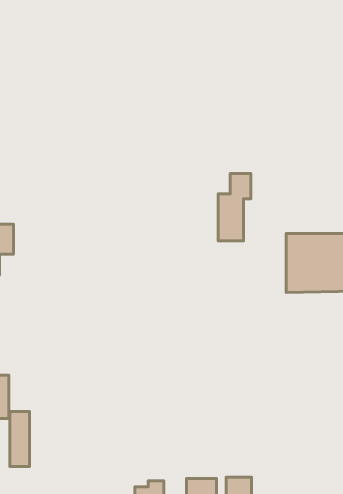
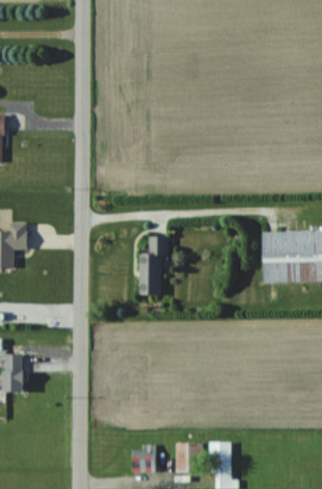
building: [218,174,251,241] -> [139,236,167,294]
building: [10,412,29,466] -> none

